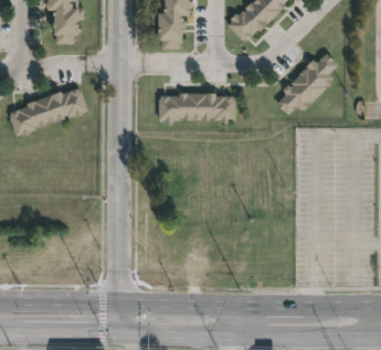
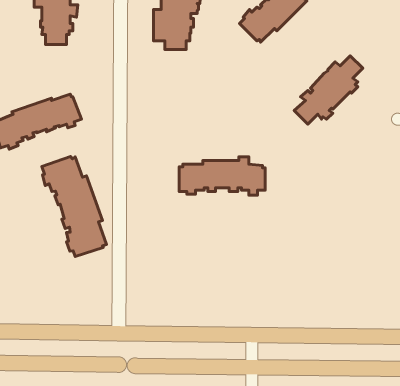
building: [158,89,234,124] -> [179,157,265,195]
building: none -> [42,156,106,257]

